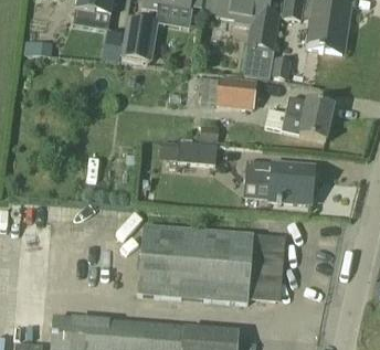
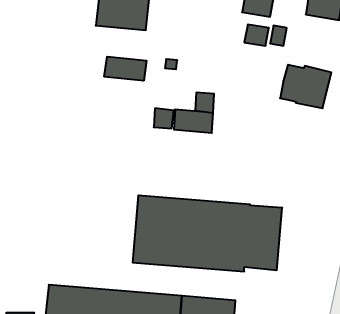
building: [218,76,257,106] -> none
building: none -> [104,57,146,81]
building: [246,159,318,202] -> none

